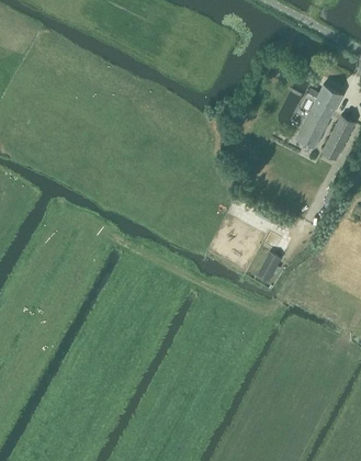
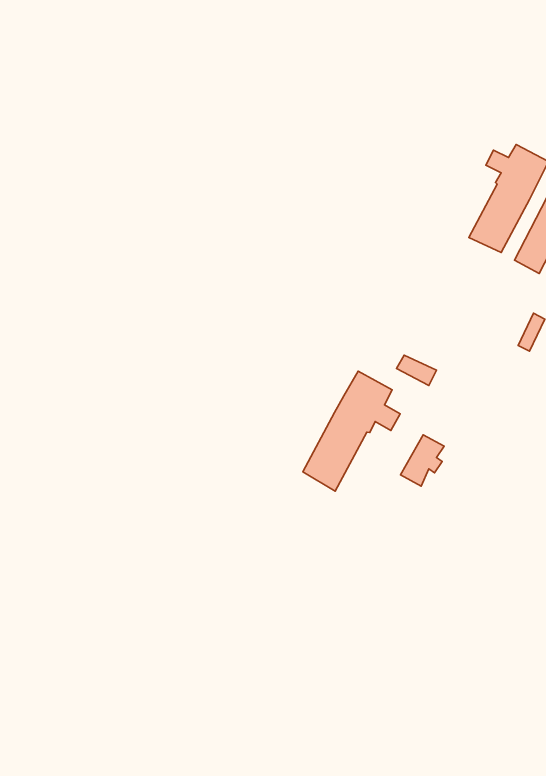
building: none -> [303,371,400,491]

